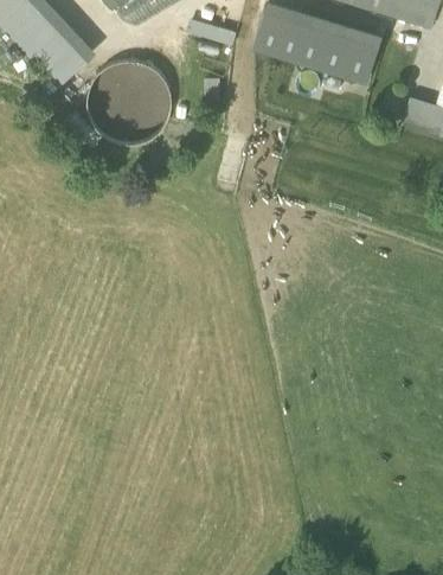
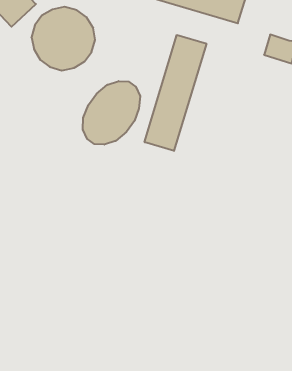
building: none -> [145,35,206,151]
building: none -> [83,81,140,145]

